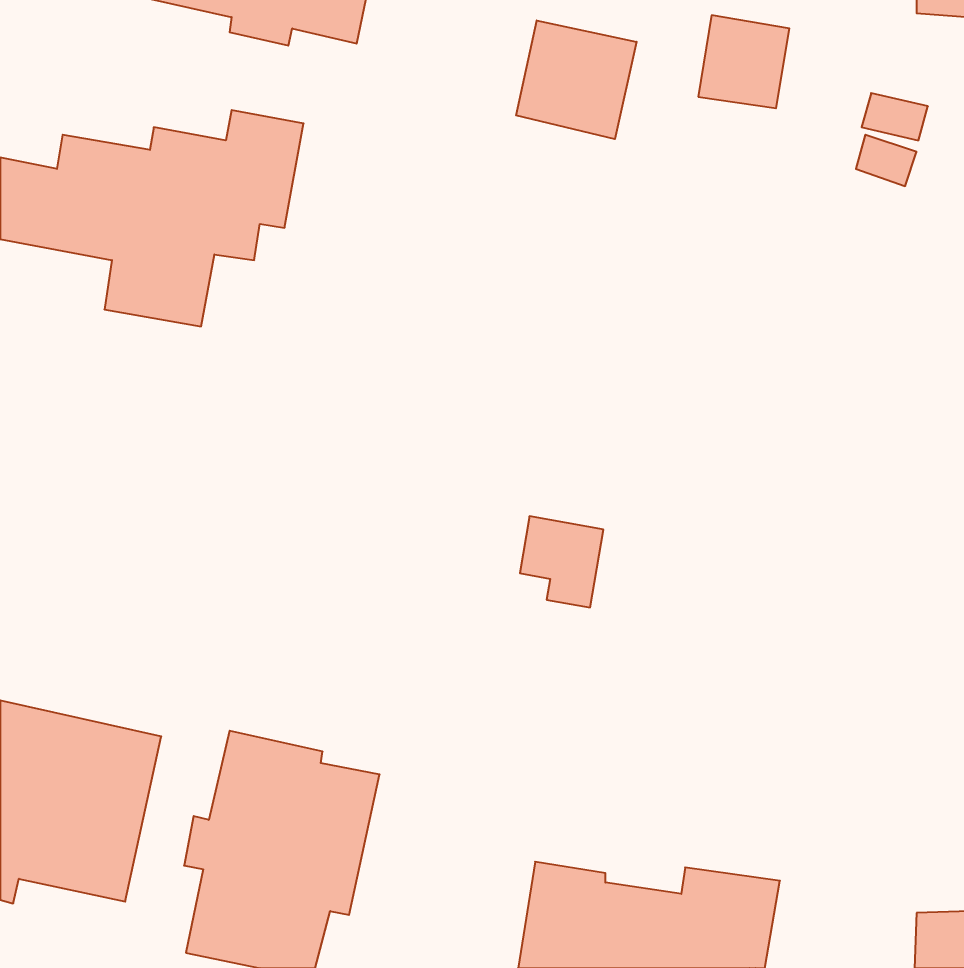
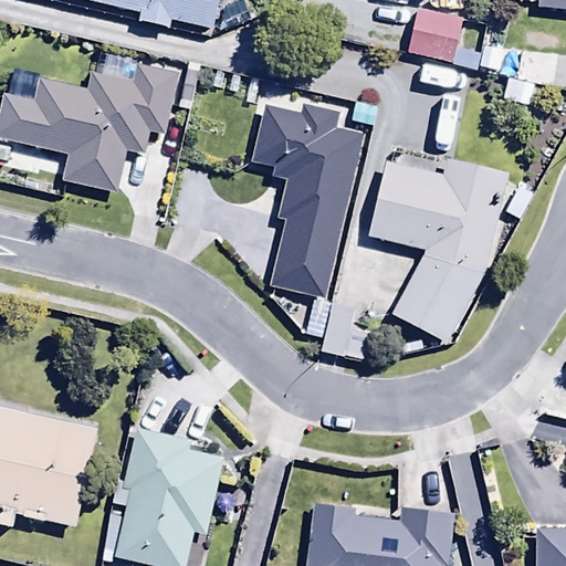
building: [516,20,637,139] -> none
building: none -> [250,104,361,301]
building: none -> [365,161,503,342]

